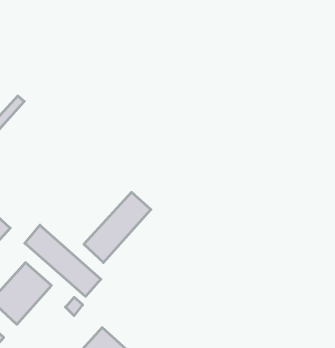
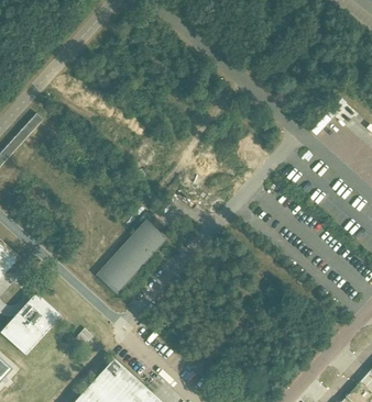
building: [25,225,101,296] -> none

